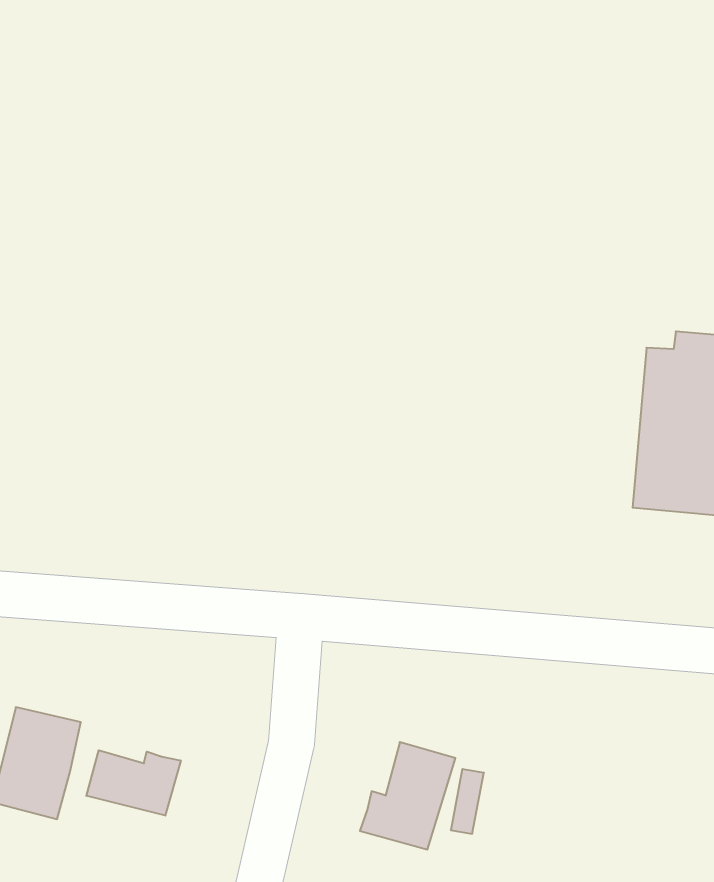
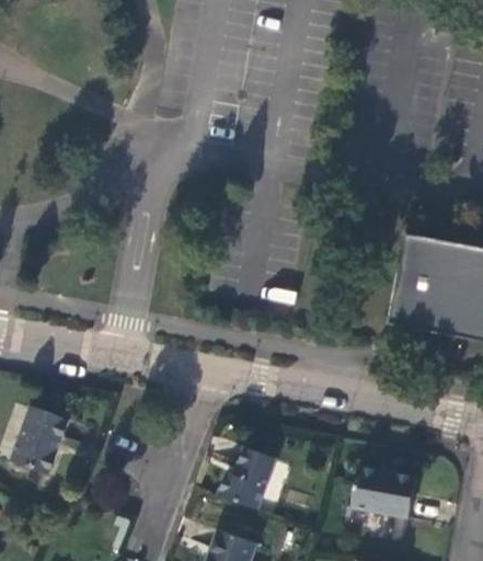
building: [86,750,181,816] -> none
building: none -> [354,468,415,516]

